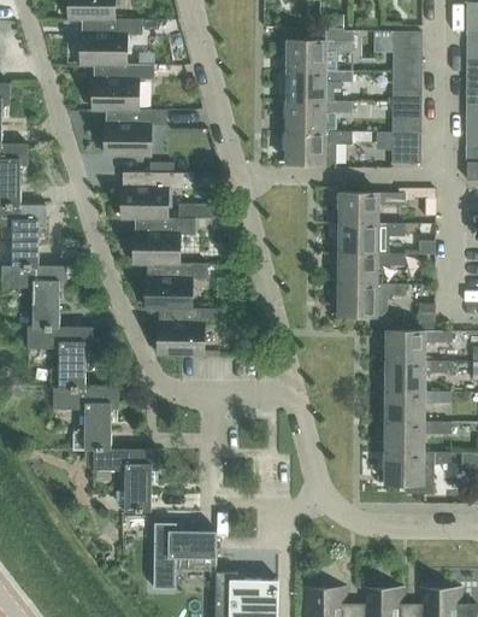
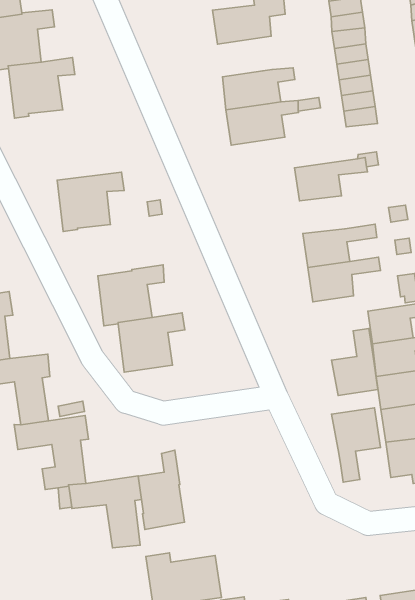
building: [287,71,352,101] -> none
building: [106,108,167,157] -> none
building: [135,218,196,264] -> none
building: [338,223,405,254] -> none
building: none -> [331,328,378,395]
building: none -> [331,408,380,482]
building: none -> [138,450,184,530]

